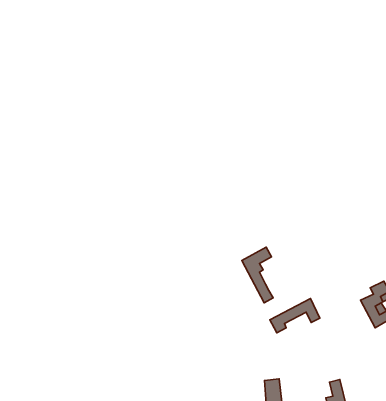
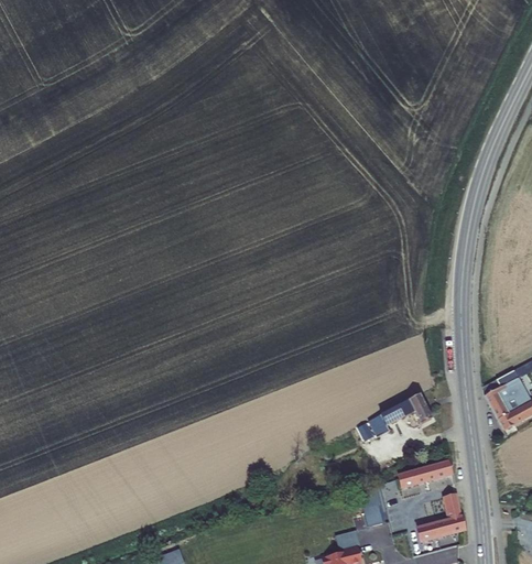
building: [242,247,273,303] -> none
building: none -> [398,463,454,498]

